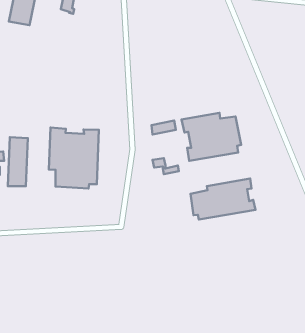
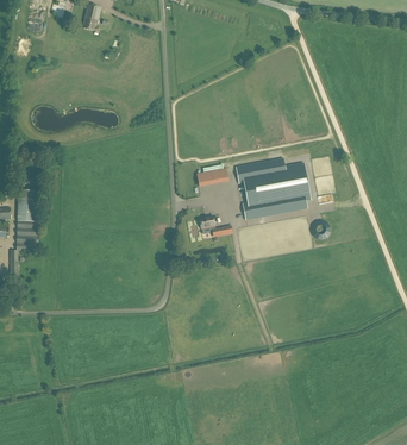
building: [49,128,99,188] -> none
building: [190,178,255,220] -> none

